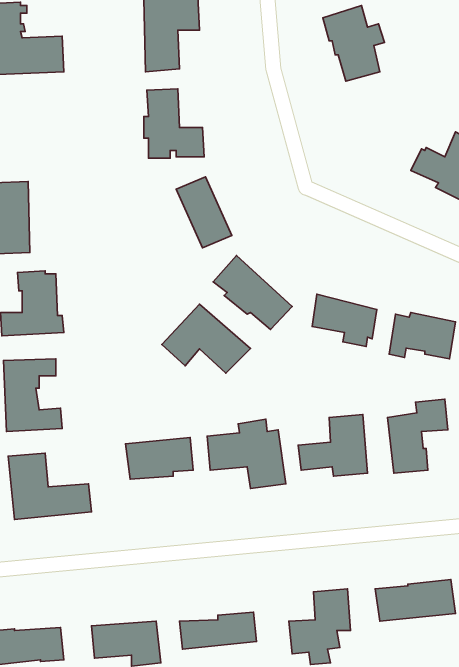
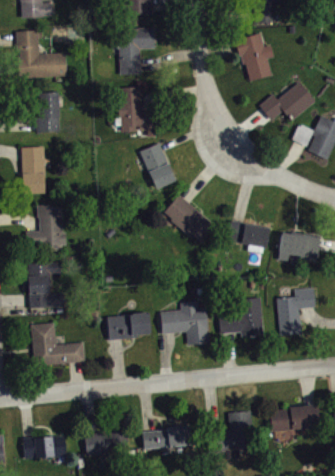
building: none -> [259,81,315,120]
building: none -> [35,92,61,132]
building: [162,304,250,373] -> none

